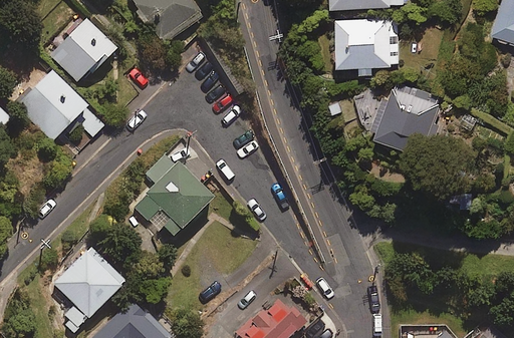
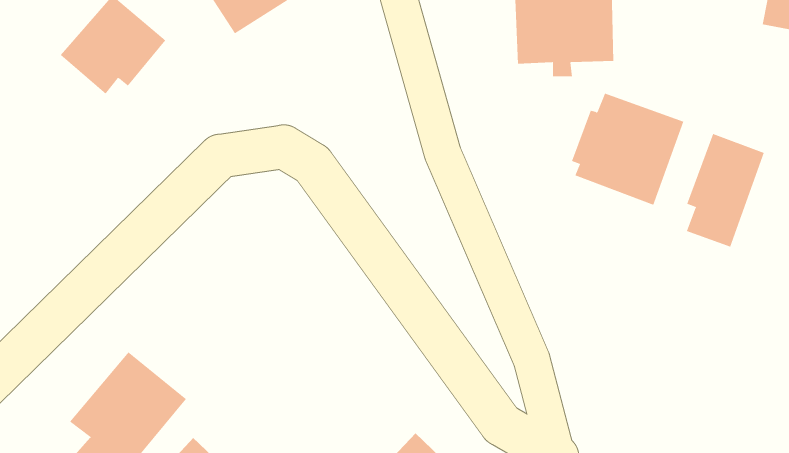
building: [16,69,104,140] -> none
building: none -> [686,133,764,248]
building: [135,153,213,237] -> none

